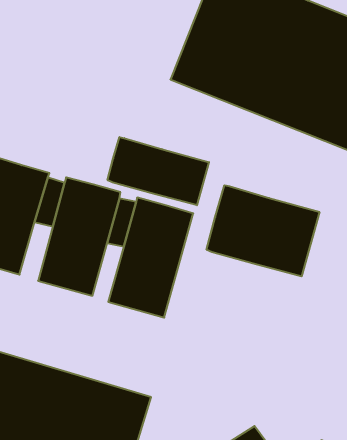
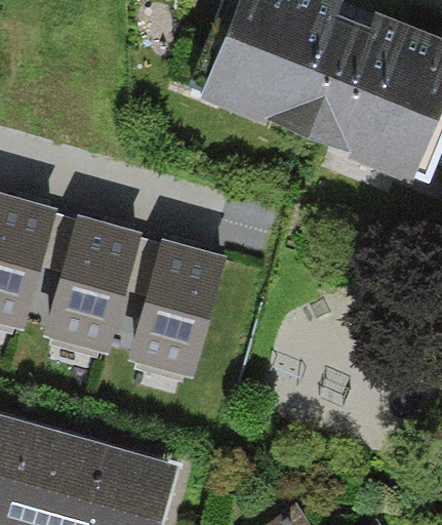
building: [108,137,209,205] -> none
building: [207,185,319,276] -> none

